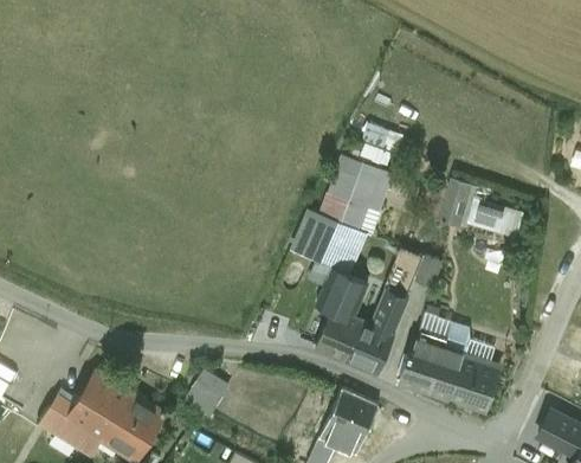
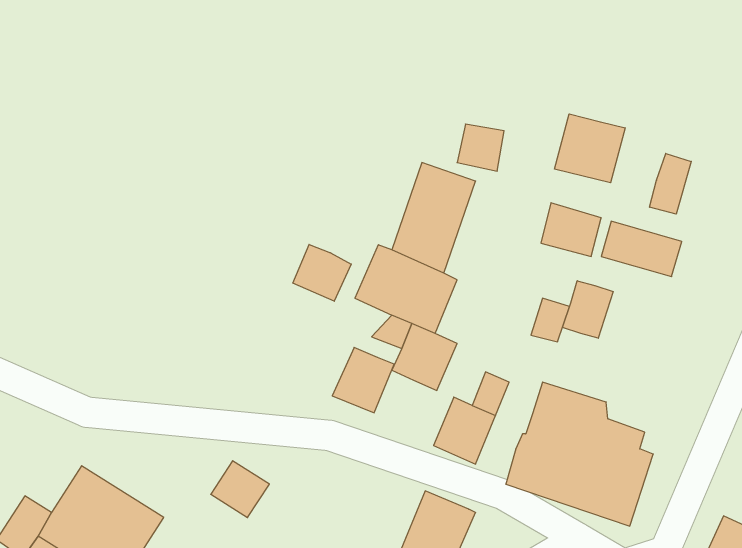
building: none -> [555,114,625,183]
building: none -> [650,153,691,214]
building: none -> [293,244,351,301]
building: none -> [562,281,613,338]
building: [317,311,361,358] -> [332,347,394,413]

